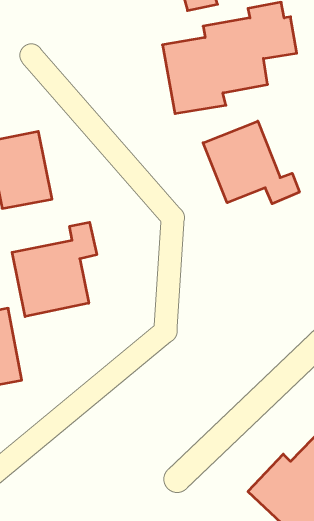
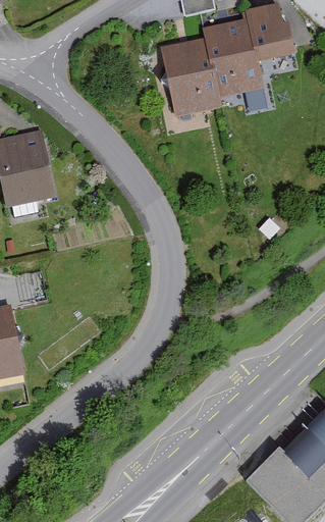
building: [203,121,299,204] -> none
building: [12,222,97,317] -> none

